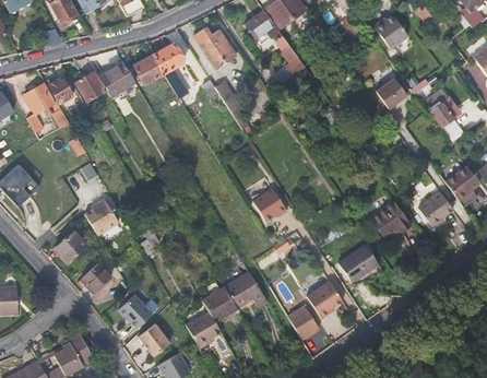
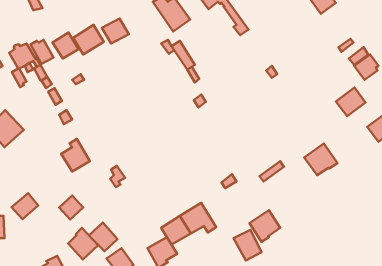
building: [153,44,185,95] -> none
building: [376,79,406,109] -> none
building: [251,188,286,221] -> none
building: [418,192,453,226] -> [336,88,366,116]
building: [54,231,85,261] -> [11,193,38,219]
building: [337,245,378,282] -> none
building: none -> [68,228,98,259]

